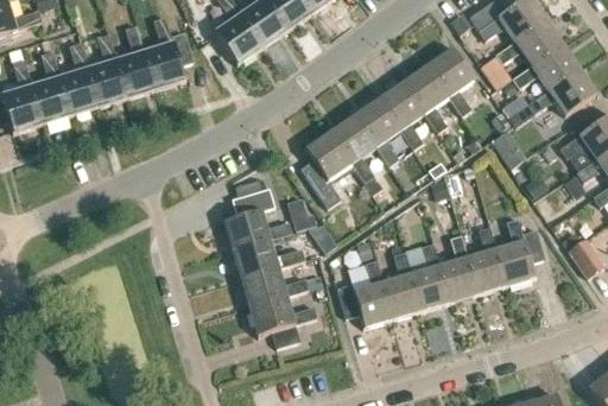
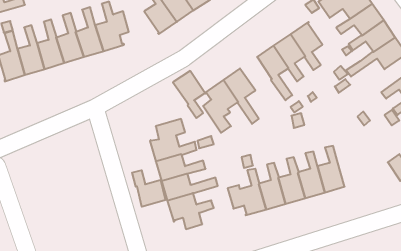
building: [355,96,401,165] -> [173,71,205,118]
building: [496,217,545,285] -> none
building: none -> [132,170,167,207]

